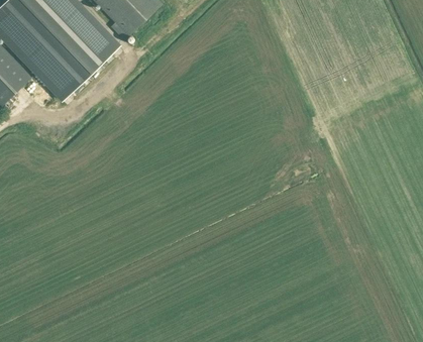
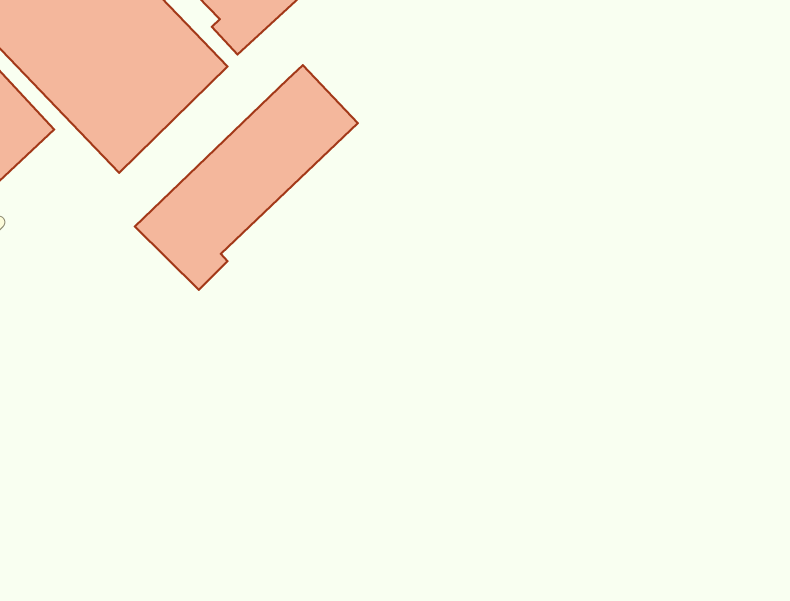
building: none -> [135,65,358,290]

